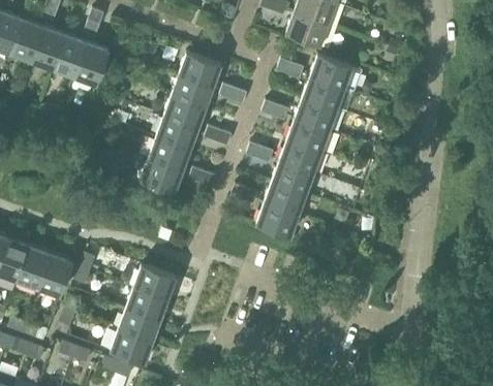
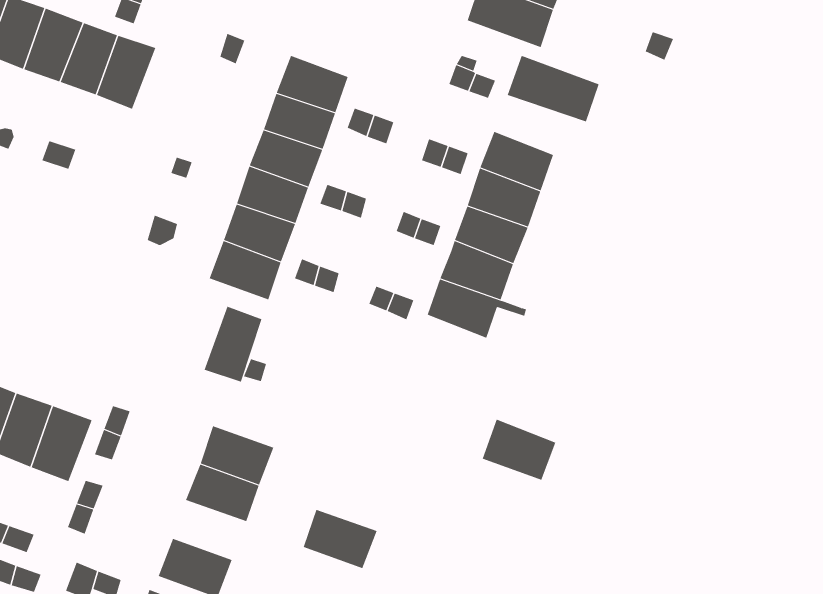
building: [301,77,353,115] -> none
building: none -> [204,306,262,383]
building: [254,202,297,237] -> [482,419,556,481]
building: [118,308,160,342] -> [303,509,377,569]

